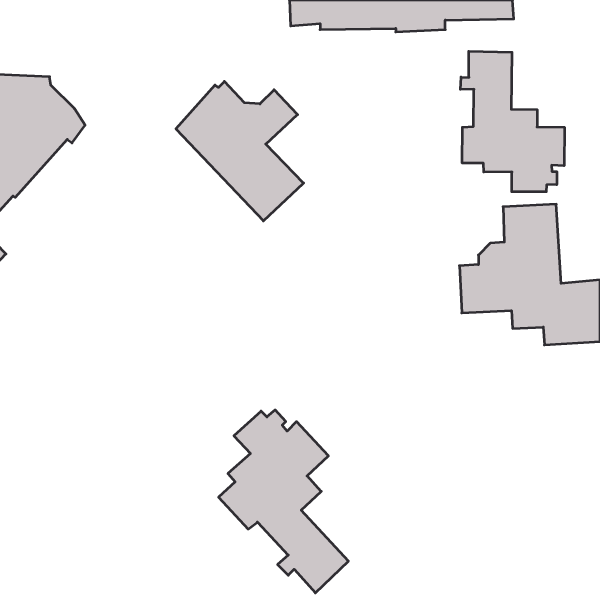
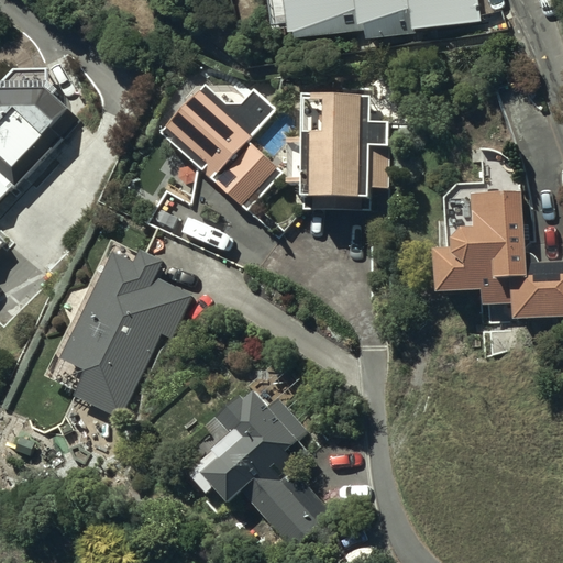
building: [460,51,564,192] -> none
building: none -> [289,82,390,210]
building: none -> [44,236,192,418]

